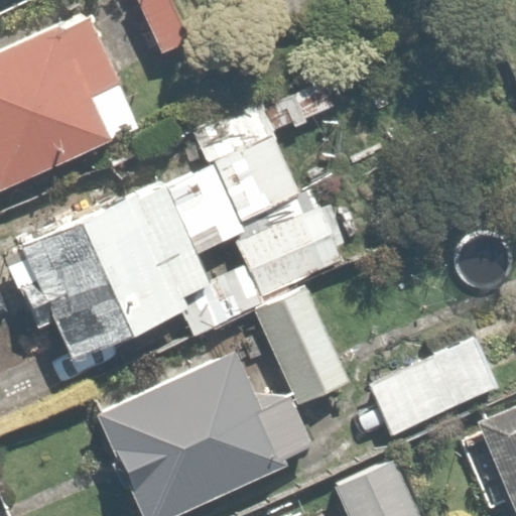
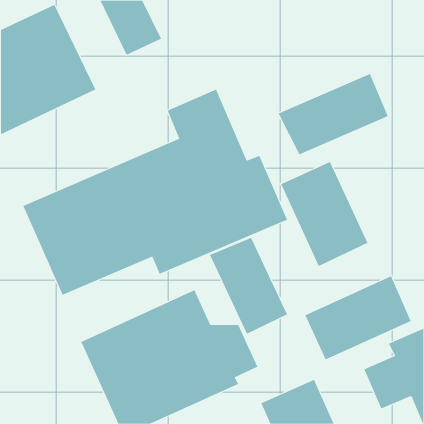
building: none -> [278,73,389,155]
building: none -> [280,161,368,267]

